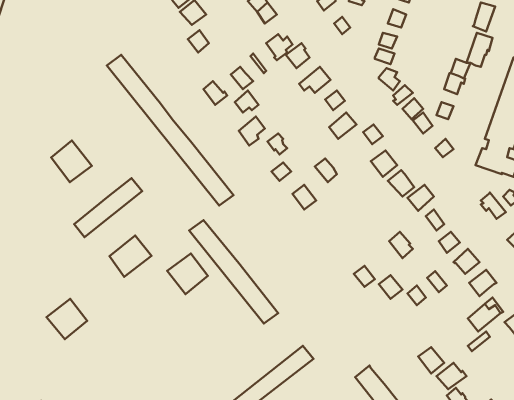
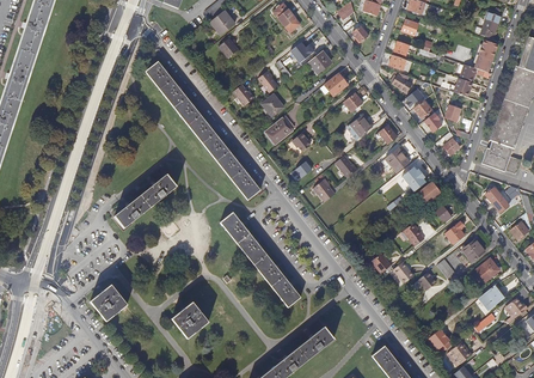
building: [51,141,92,182] -> none
building: [109,235,152,277] -> none
building: [167,254,208,294] -> [171,301,208,339]

